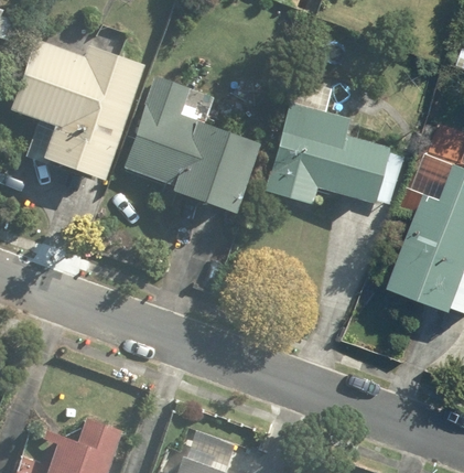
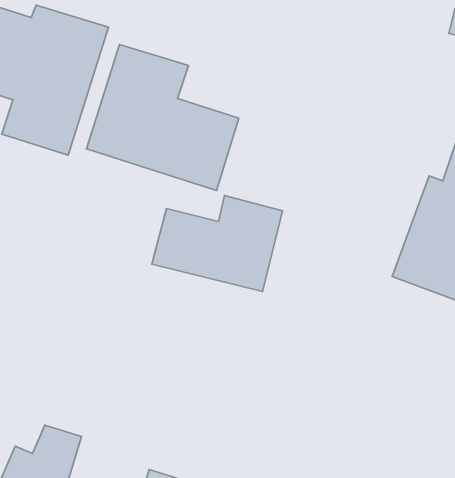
building: [262,75,393,201] -> none
building: none -> [152,196,283,292]

